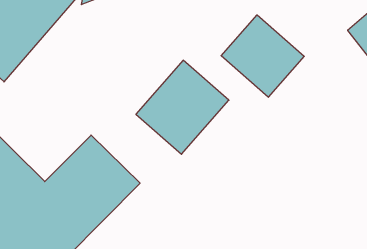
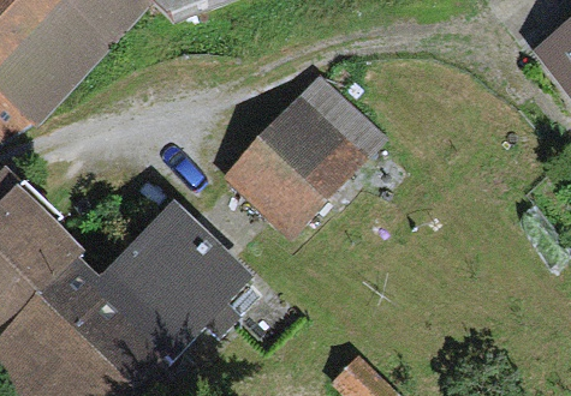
building: [221,15,304,97] -> none

